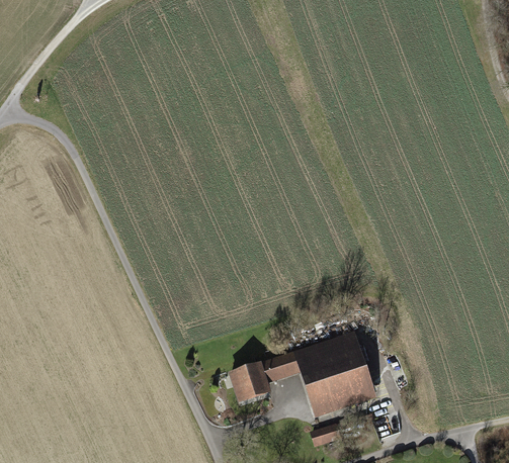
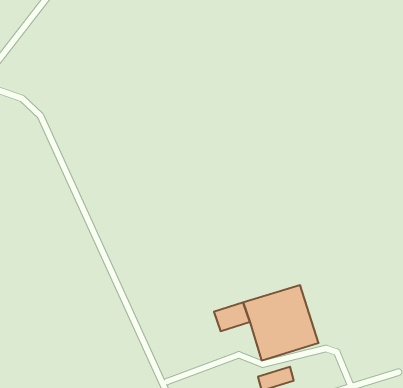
building: [226,361,270,404] -> none

